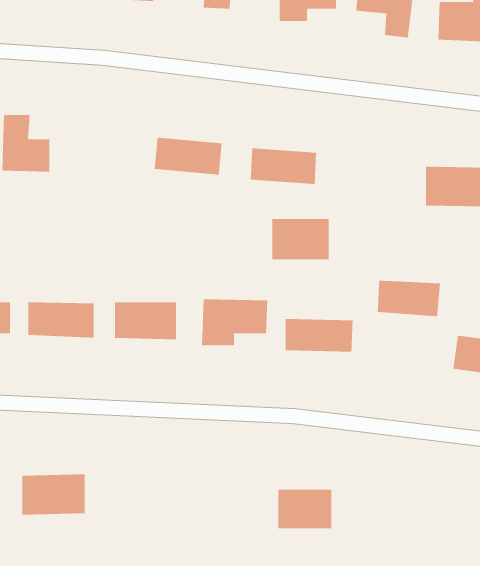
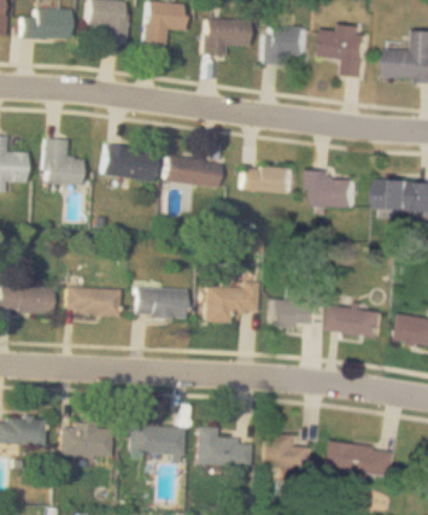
building: none -> [105,146,158,180]
building: [271,219,329,260] -> [313,174,359,206]
building: [377,280,441,317] -> [336,306,387,335]
building: none -> [129,425,184,455]
building: none -> [198,426,251,466]
building: none -> [335,443,403,478]

